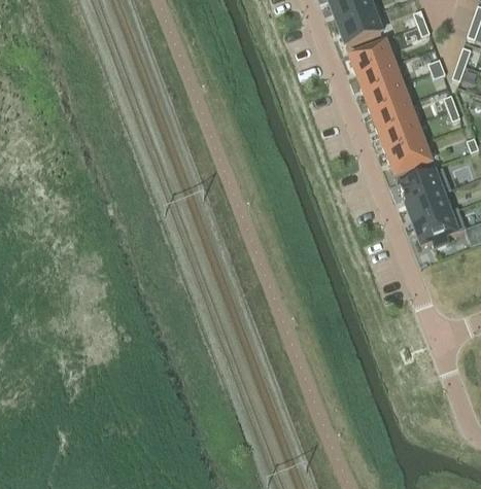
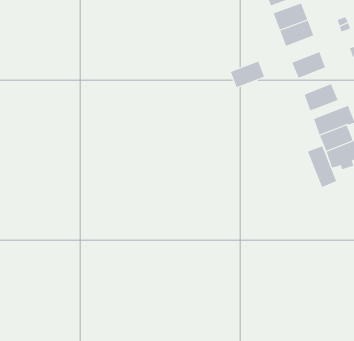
building: [366,82,408,115] -> [230,61,265,88]
building: [381,121,422,154] -> none
building: none -> [307,146,337,188]

